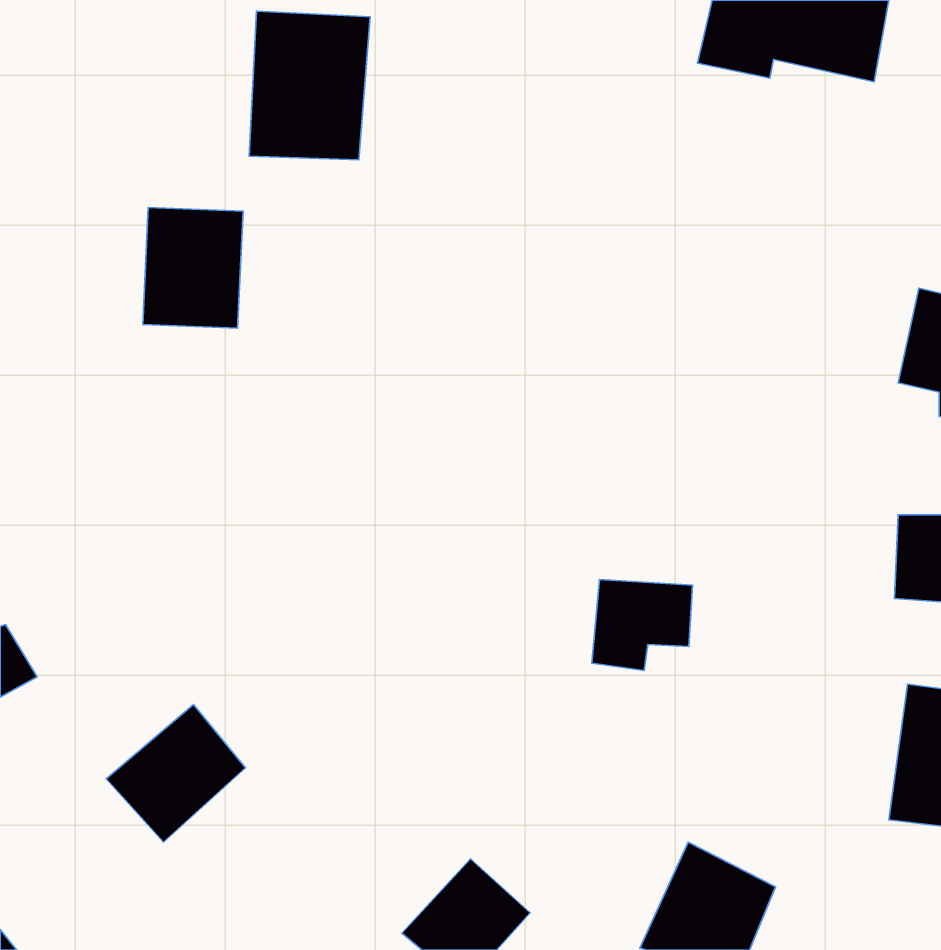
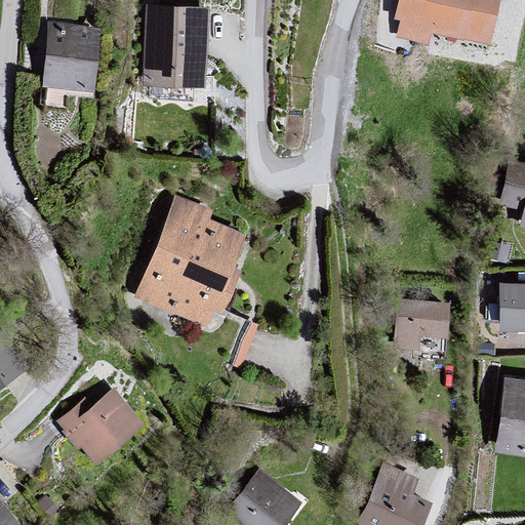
building: [143,207,243,328] -> [48,24,104,90]
building: none -> [134,197,243,326]
building: [592,580,692,671] -> [392,301,447,352]

